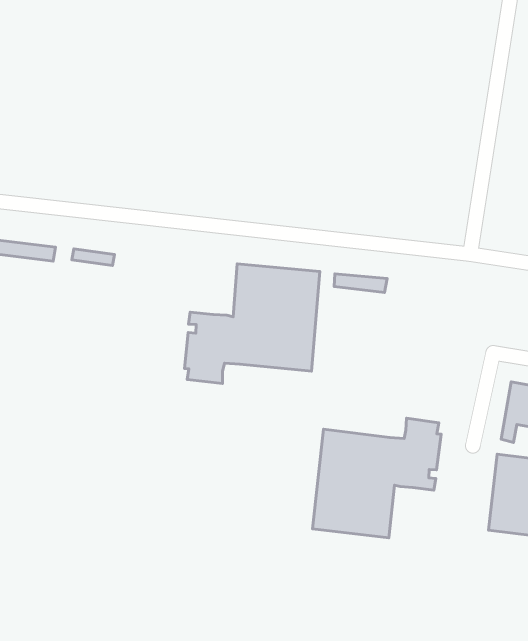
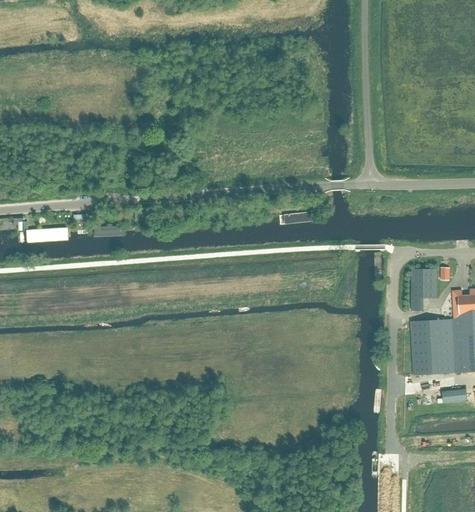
building: [184,264,320,384] -> none
building: [313,418,441,538] -> none

